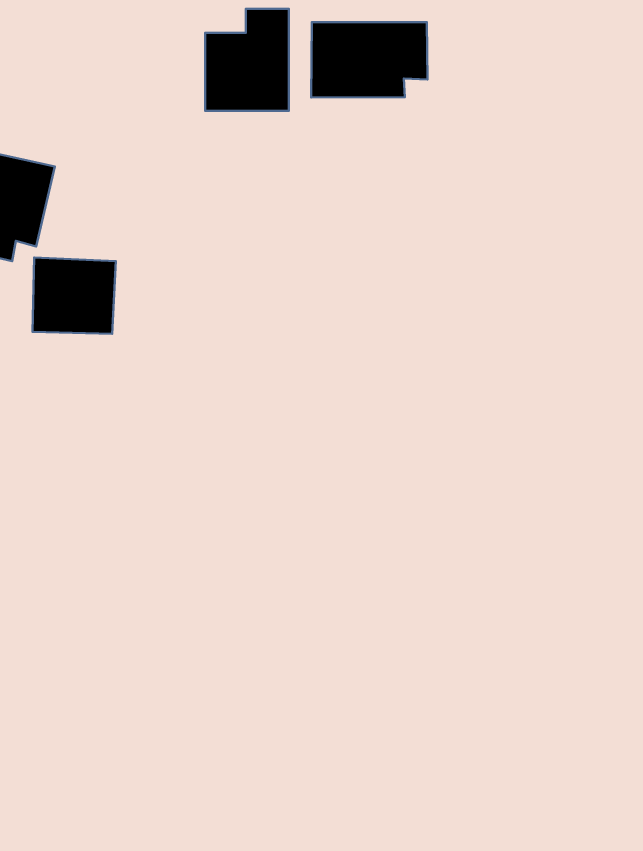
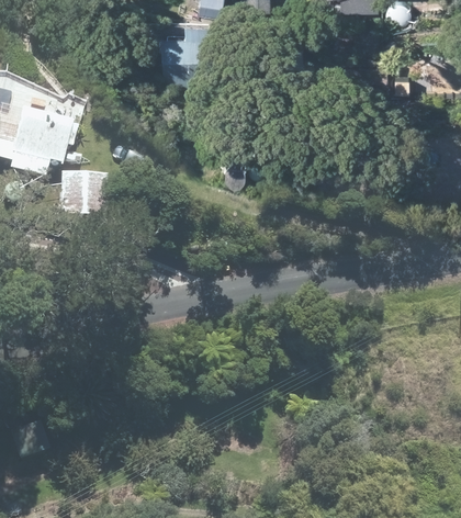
building: [311,22,427,98] -> none

